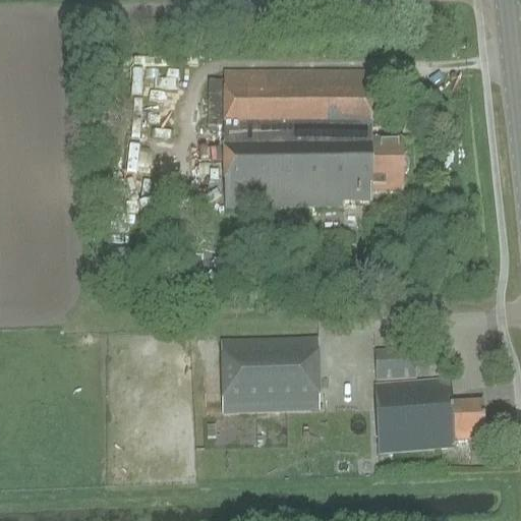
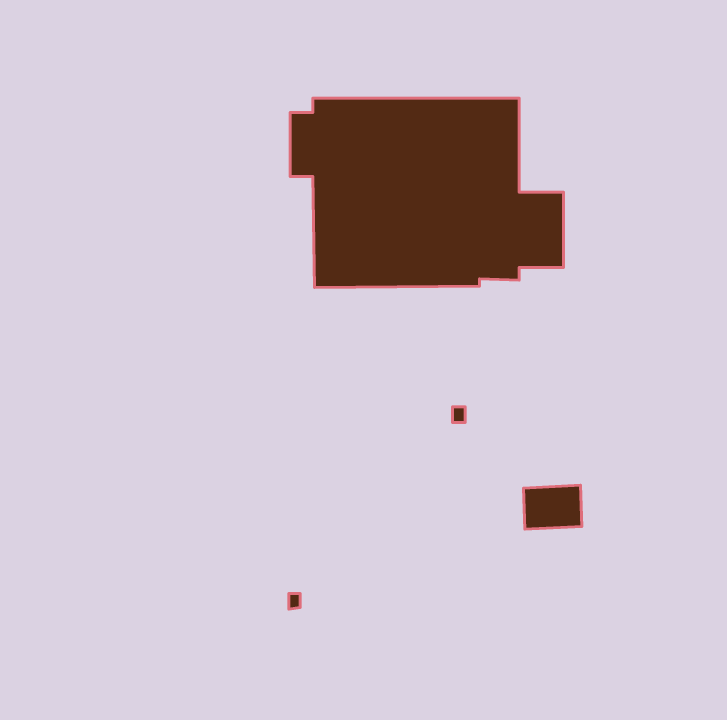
building: [222,338,317,410] -> none
building: [374,378,484,452] -> none

